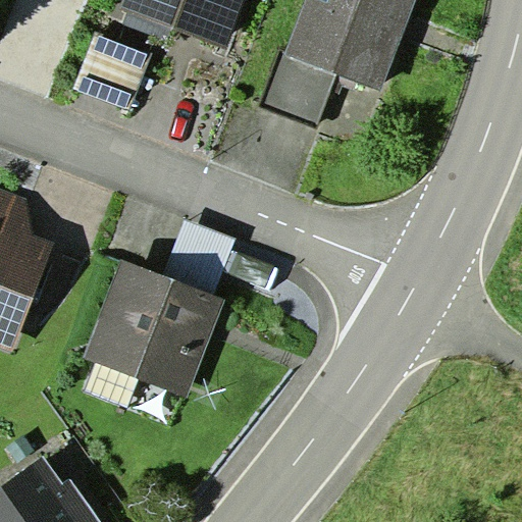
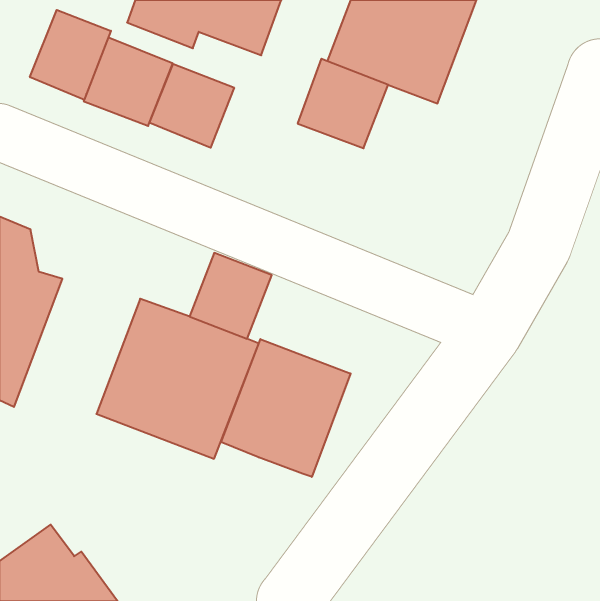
building: none -> [30,10,111,100]
building: none -> [149,64,234,148]
building: none -> [221,339,351,477]

